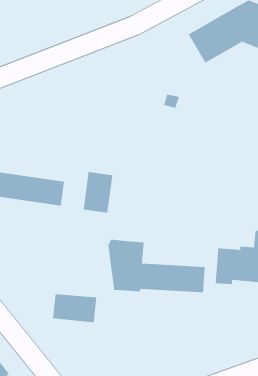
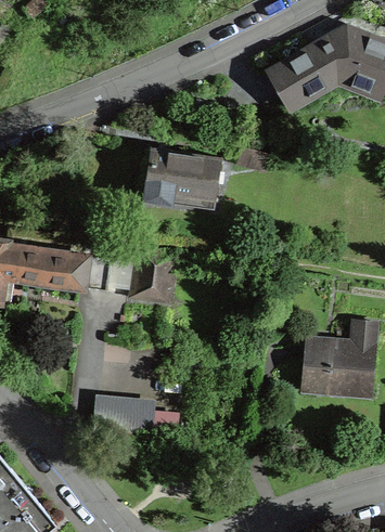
building: none -> [144,147,221,203]
building: [108,239,205,293] -> none

